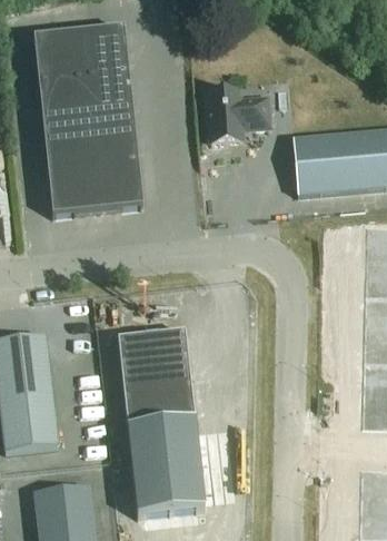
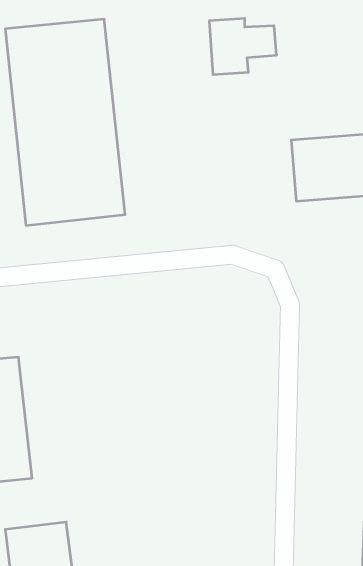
building: [210,94,271,145] -> [209,18,277,75]
building: [118,332,205,518] -> none

